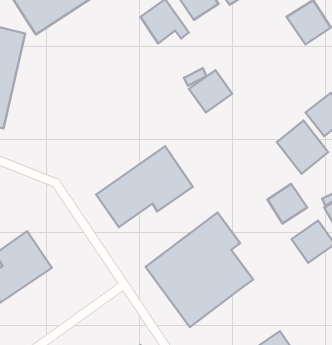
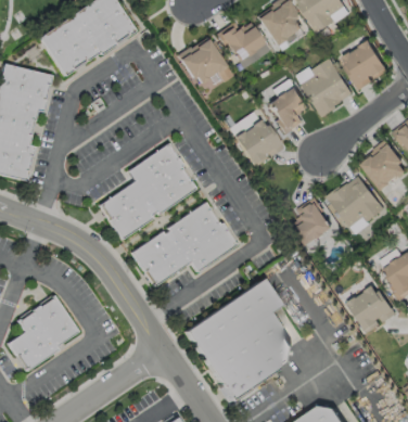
building: none -> [297,57,354,115]
building: none -> [264,85,305,135]
building: none -> [98,144,199,242]
building: [268,184,307,223] -> [288,203,331,246]

